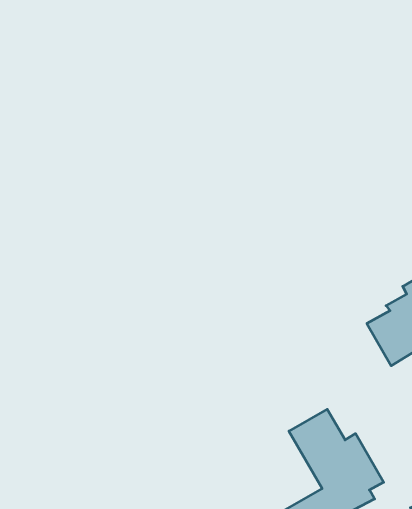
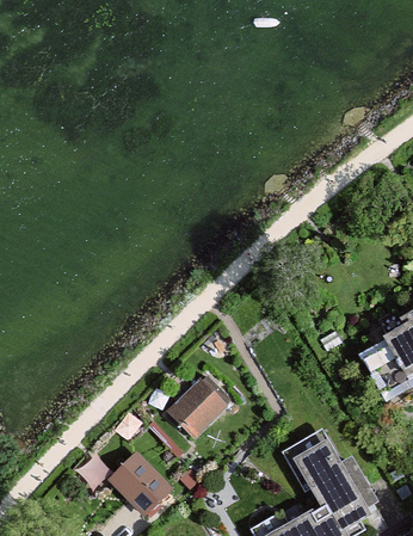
building: none -> [168,376,232,439]
building: none -> [109,450,171,516]

